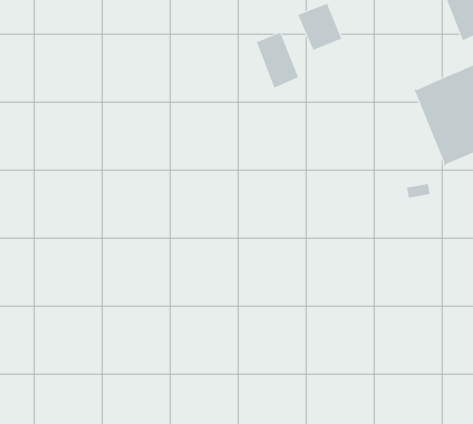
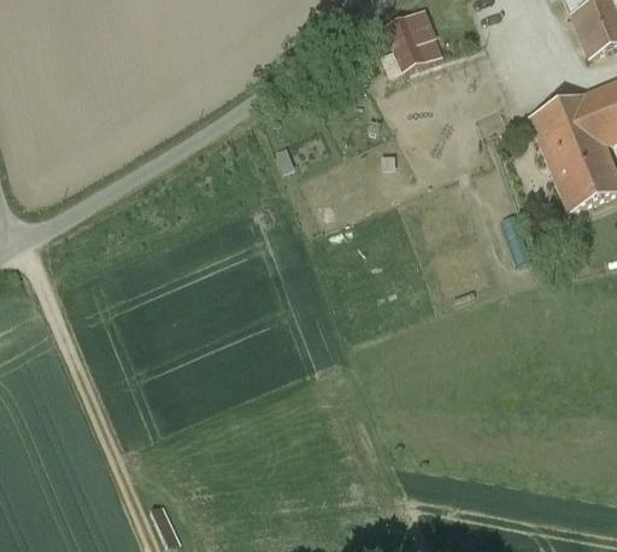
building: [256,32,299,88] -> none

